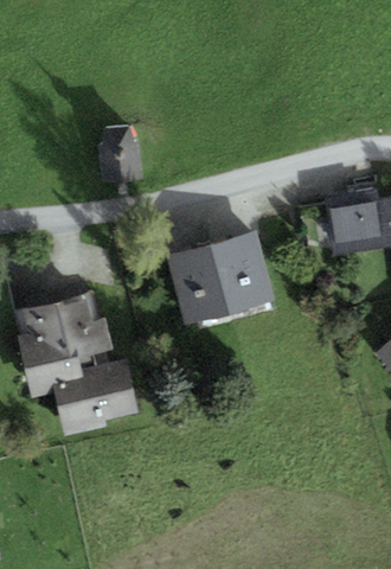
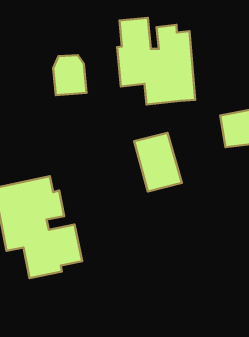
building: none -> [117,18,195,105]
building: [168,245,227,327] -> none

